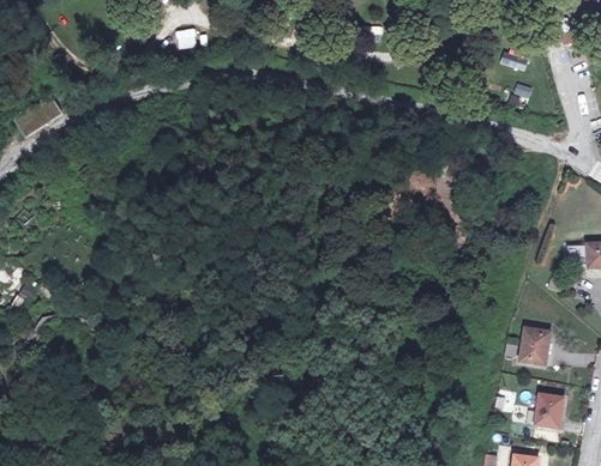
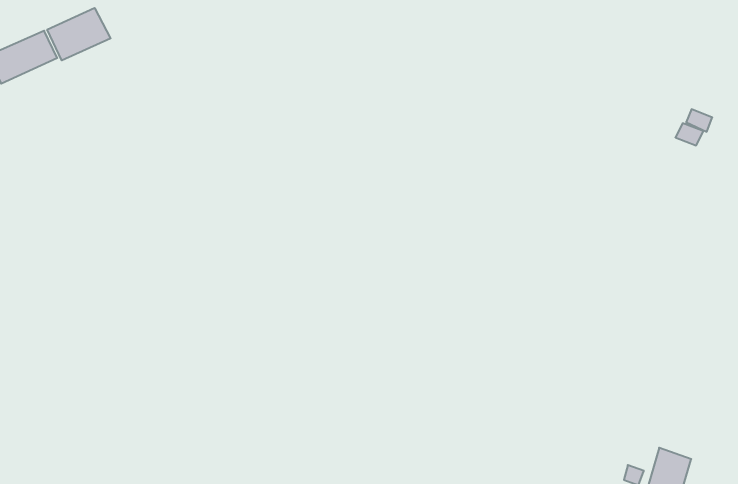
building: none -> [47,8,111,60]

